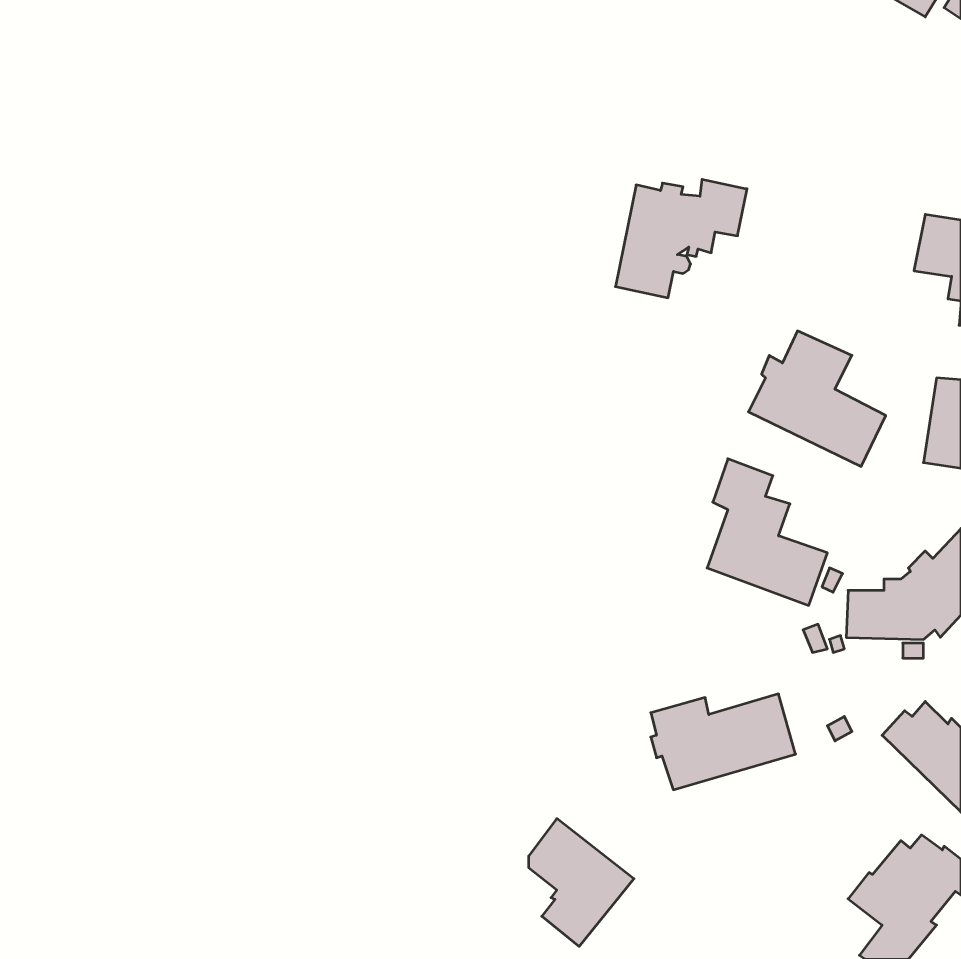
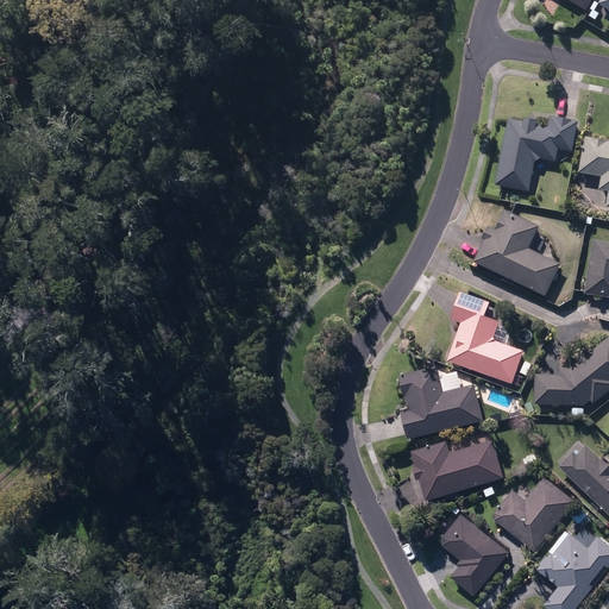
building: [615,179,747,298] -> [495,114,578,189]
building: none -> [398,364,483,438]
building: none -> [491,476,575,552]
building: [529,819,634,946] -> [442,514,509,595]

